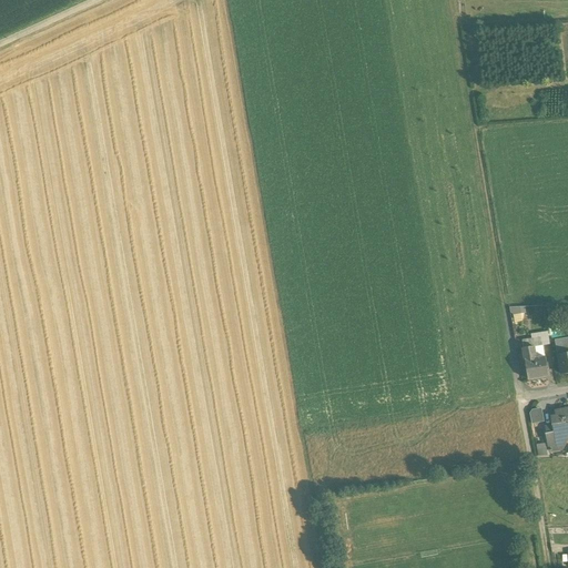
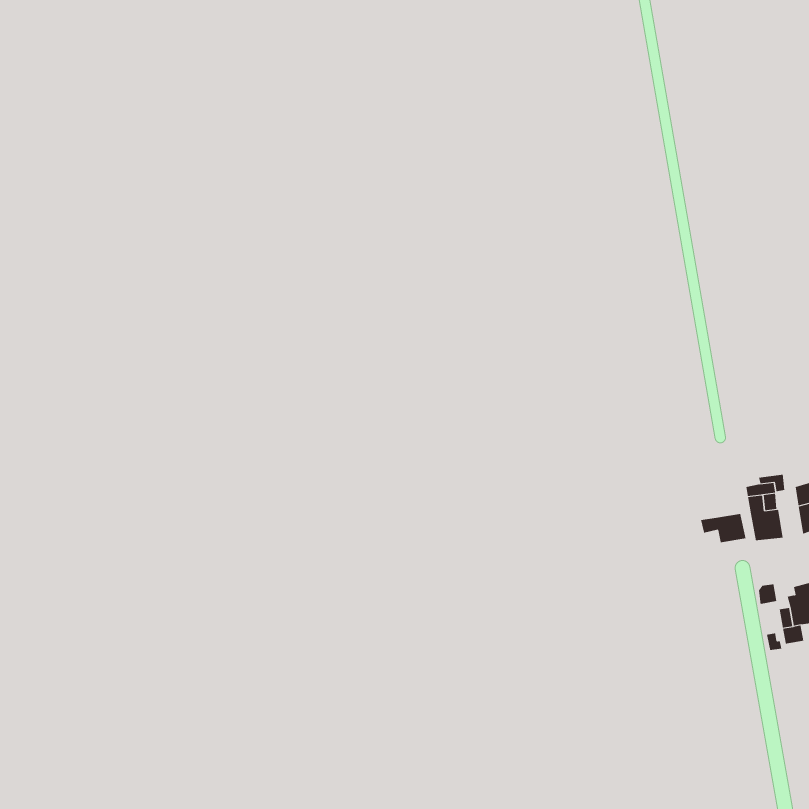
building: none -> [701,513,746,543]

